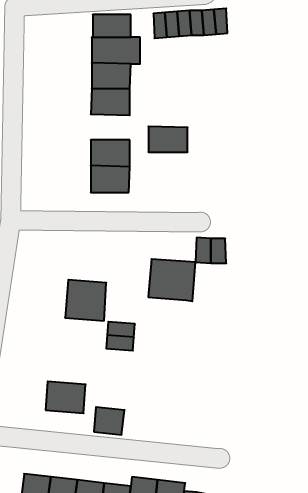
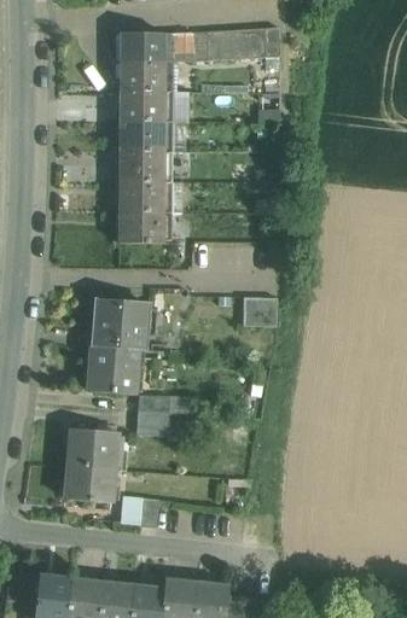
building: [148,126,188,152] -> [120,151,165,181]
building: [148,259,196,301] -> [93,301,149,350]
building: none -> [69,428,117,468]

